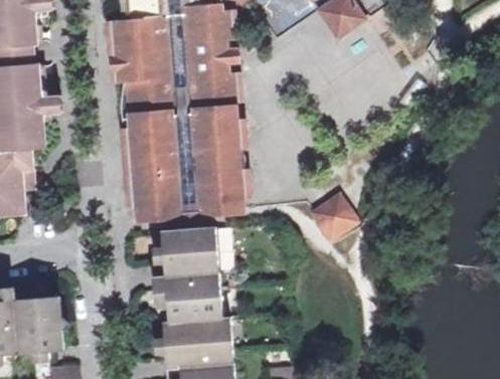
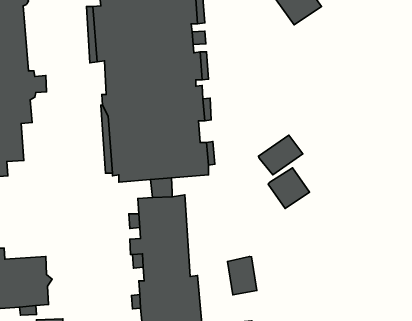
building: none -> [258,135,303,175]
building: none -> [228,257,257,295]

